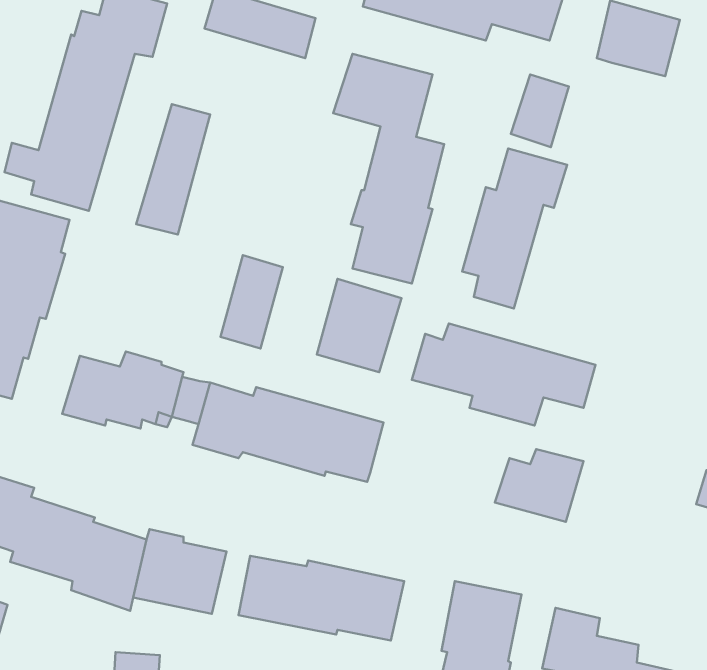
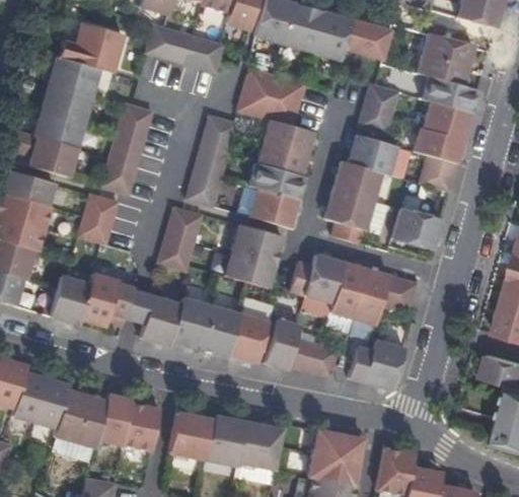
building: none -> [412,75,479,191]
building: none -> [186,115,235,206]
building: none -> [79,194,118,243]
building: none -> [390,207,442,250]
building: none -> [266,318,337,377]

